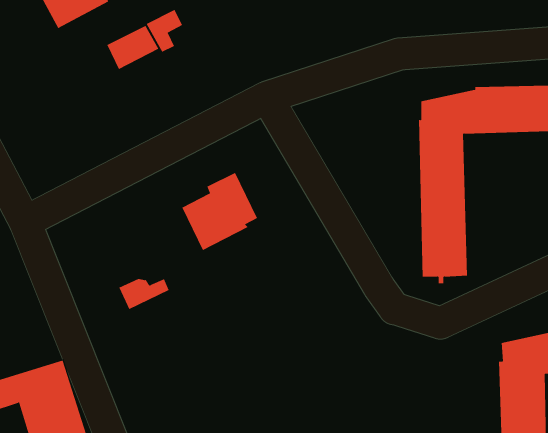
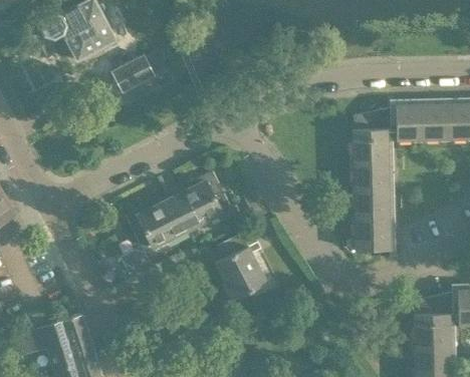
building: none -> [127,198,189,248]
building: none -> [216,225,271,300]

